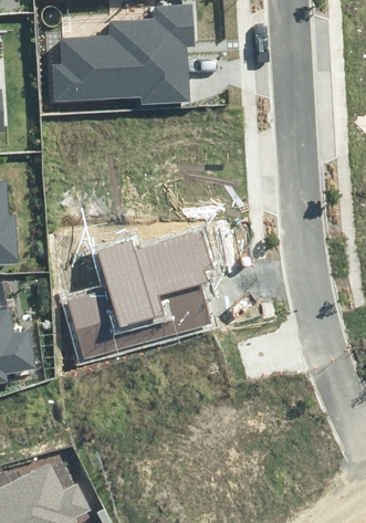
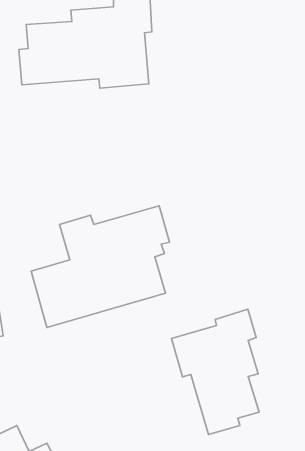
building: none -> [171,309,259,435]

